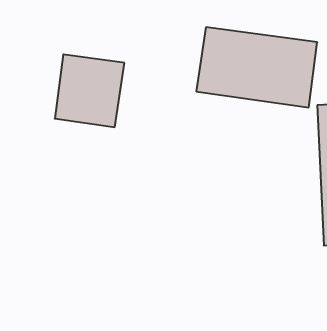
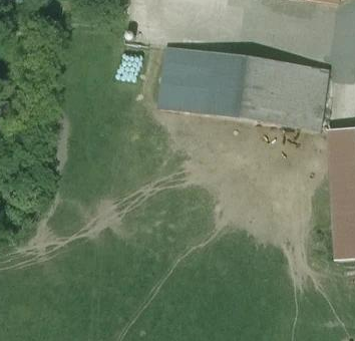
building: [55,54,124,127] -> [158,46,224,114]

